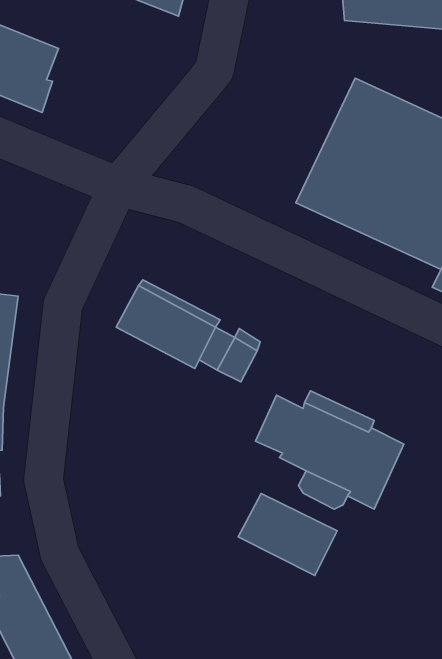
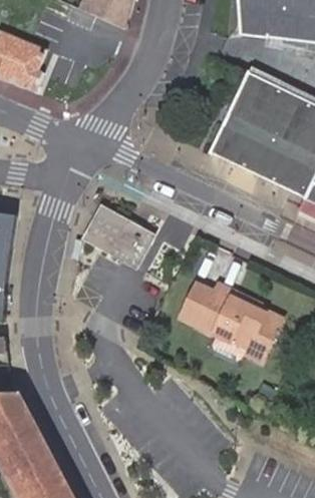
building: [238,493,337,576] -> none

